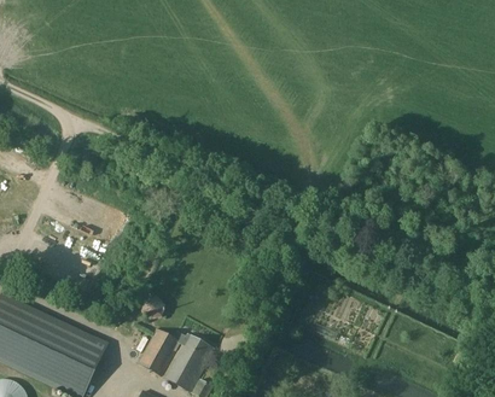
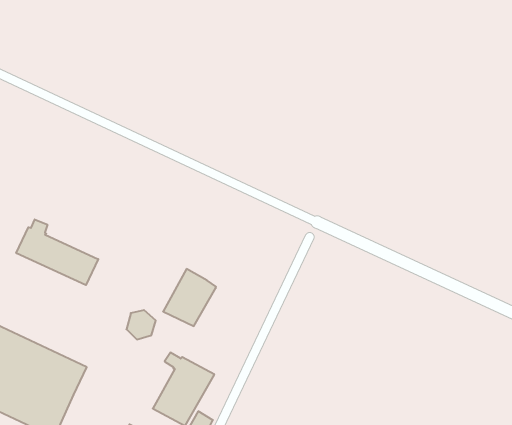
building: none -> [16,219,98,285]
building: [136,327,180,374] -> [163,269,216,326]

